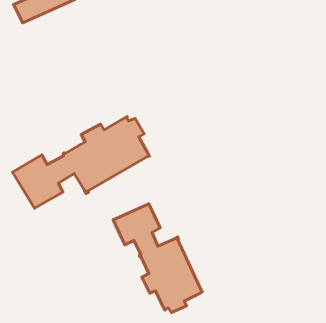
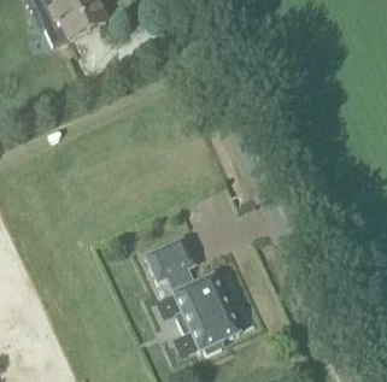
building: [13,117,150,208] -> none

